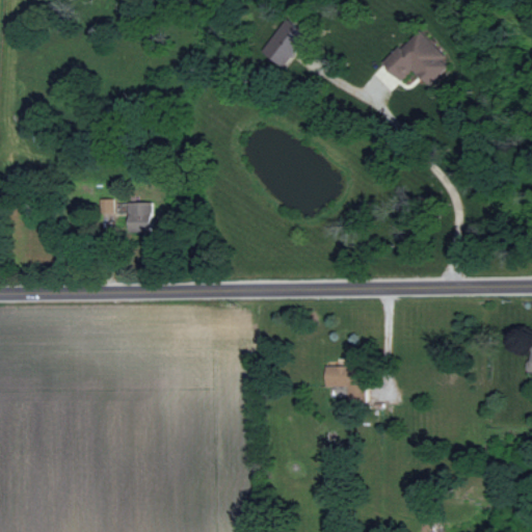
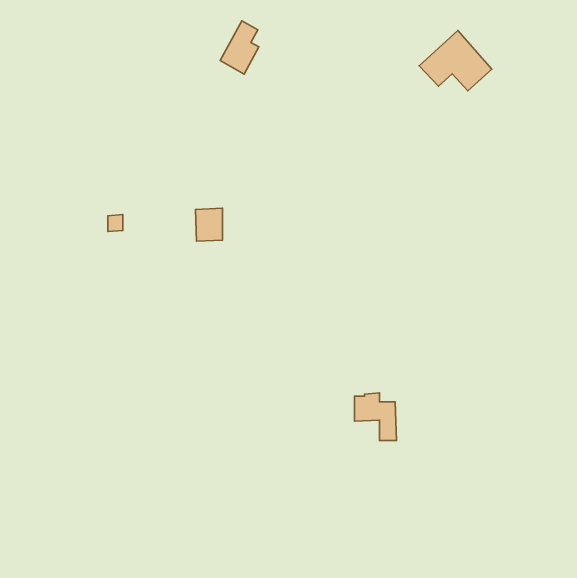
building: [263,18,298,66] -> [220,21,259,74]
building: [128,203,153,233] -> [195,208,223,241]

